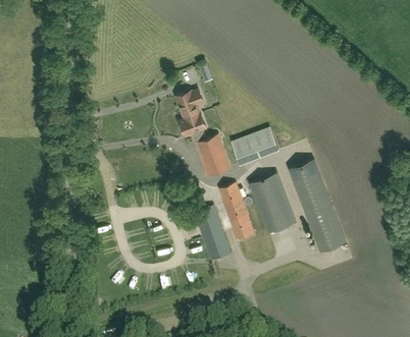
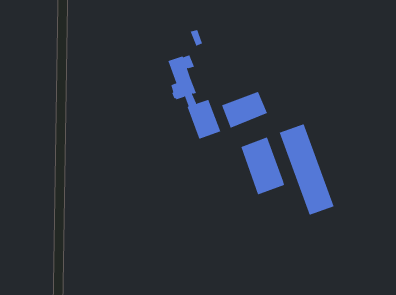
building: [187,183,230,262] -> none
building: [222,183,256,241] -> none

